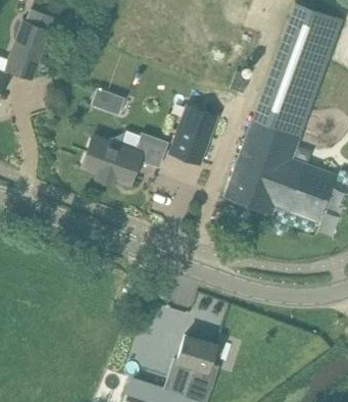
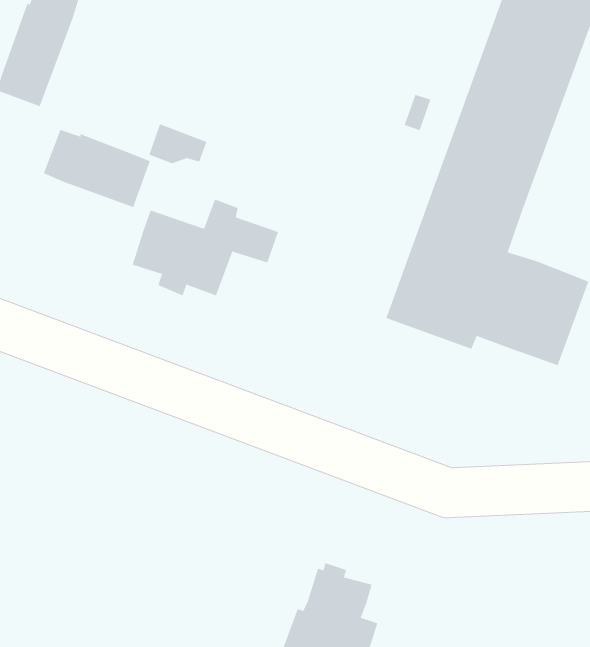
building: none -> [43,129,151,208]
building: [171,106,216,163] -> none

